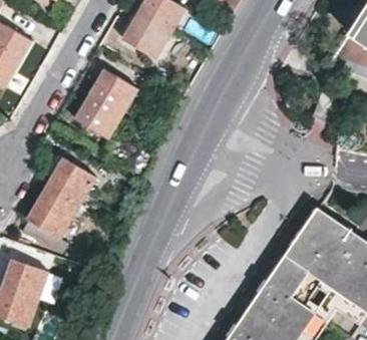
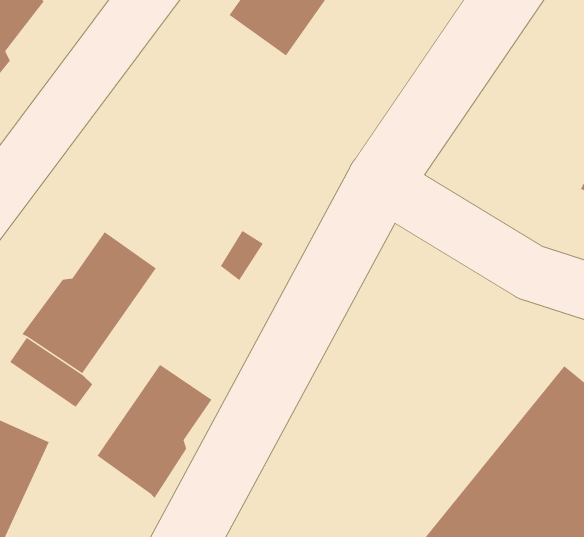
building: [76,70,135,136] -> none
building: none -> [96,364,212,499]

